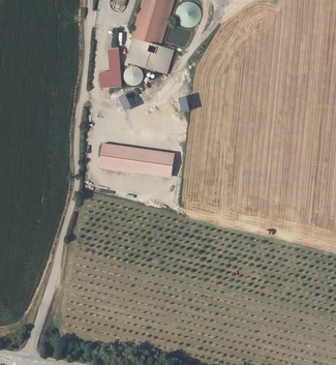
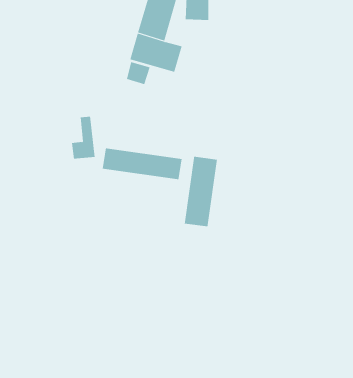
building: [99,49,122,89] -> [71,116,95,159]
building: none -> [184,156,218,227]

